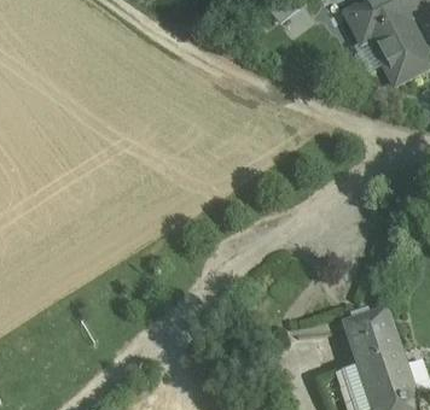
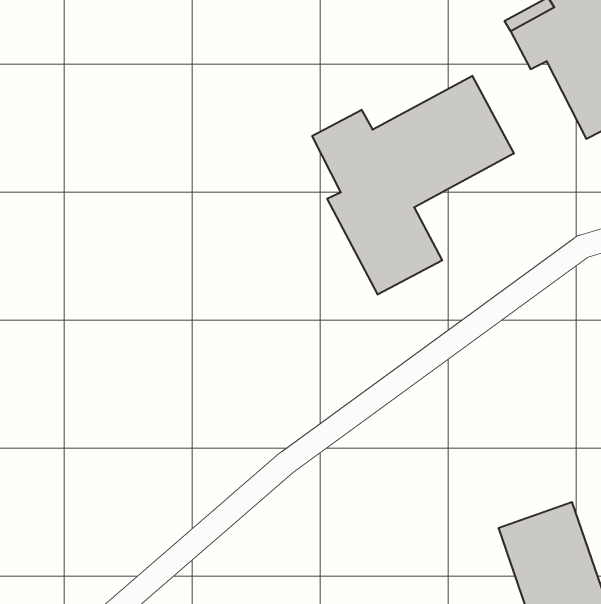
building: none -> [312,76,514,295]

